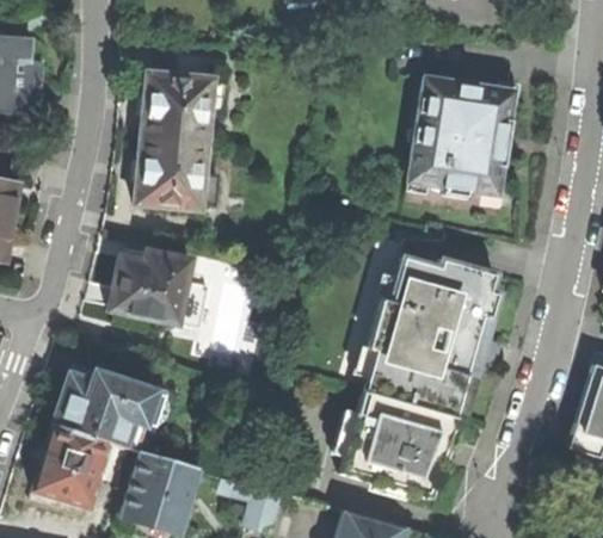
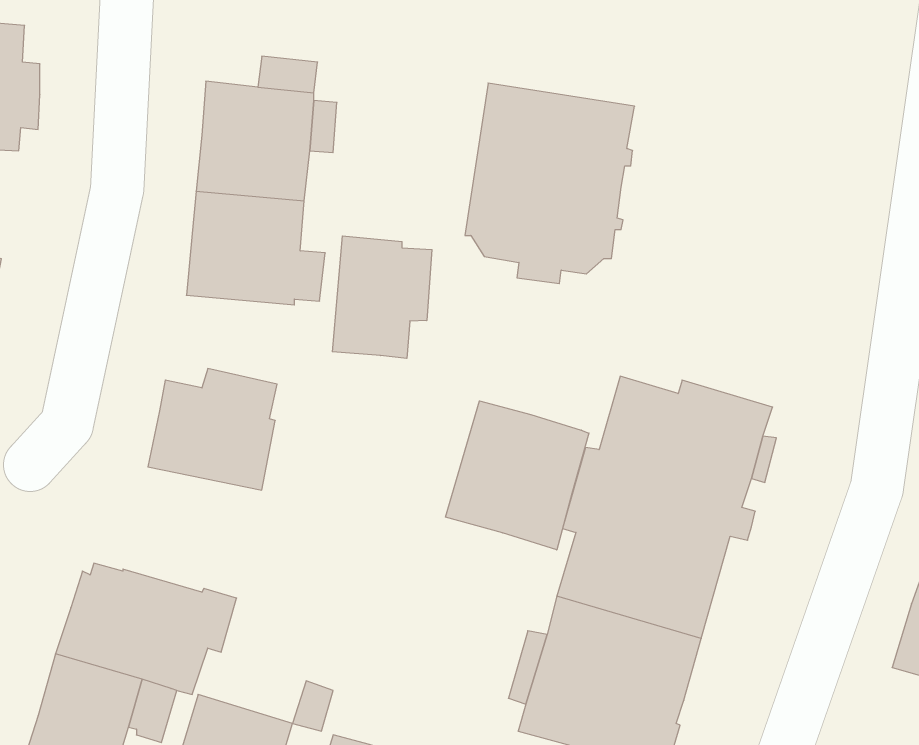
building: [408,76,513,200] -> [465,83,635,284]
building: none -> [332,236,432,358]
building: none -> [445,401,589,550]

